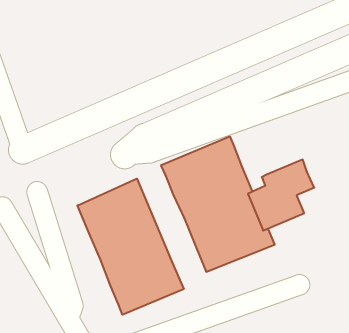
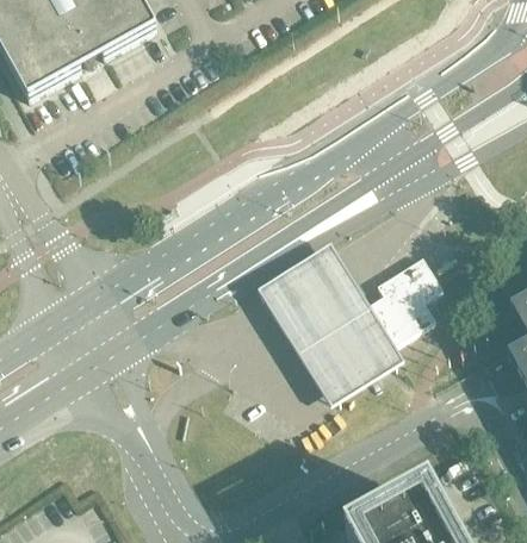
building: [77,179,184,315] -> none

